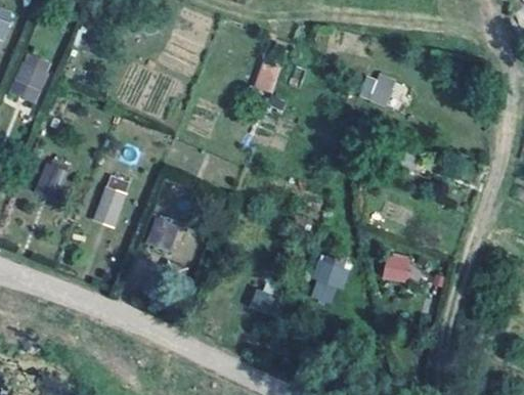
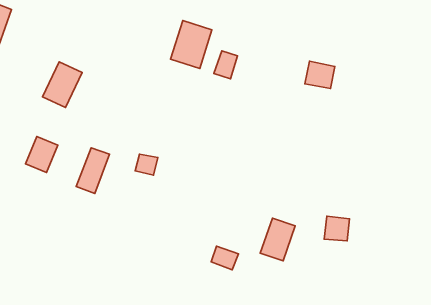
building: none -> [171,20,212,68]
building: [7,51,53,104] -> [43,62,82,108]
building: [145,213,181,253] -> none

